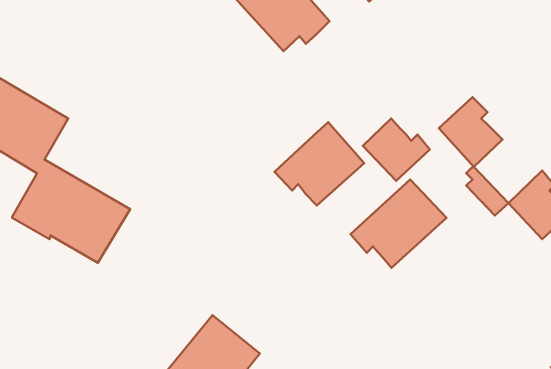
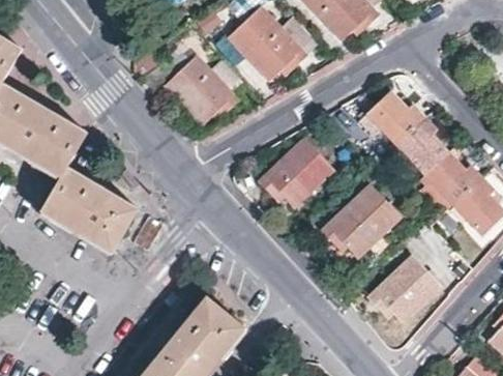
building: none -> [160,50,234,118]
building: [363,118,430,181] -> [367,90,423,142]
building: none -> [424,151,481,204]
building: none -> [368,255,440,322]

